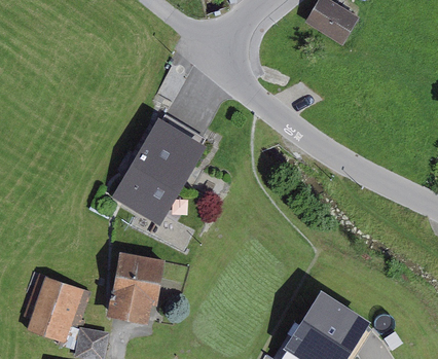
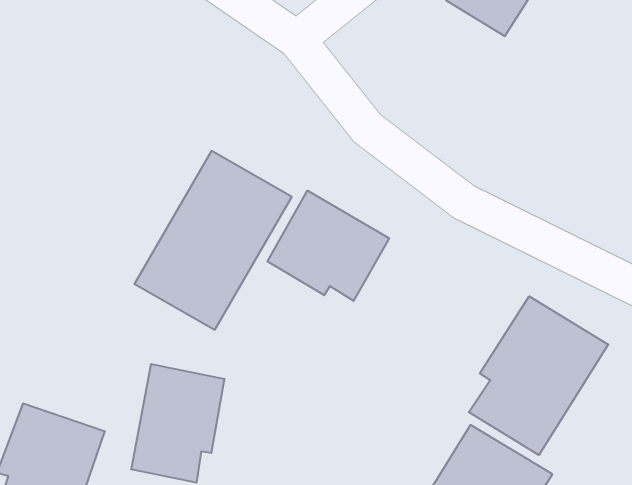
building: none -> [267,191,389,301]
building: none -> [469,296,608,455]

